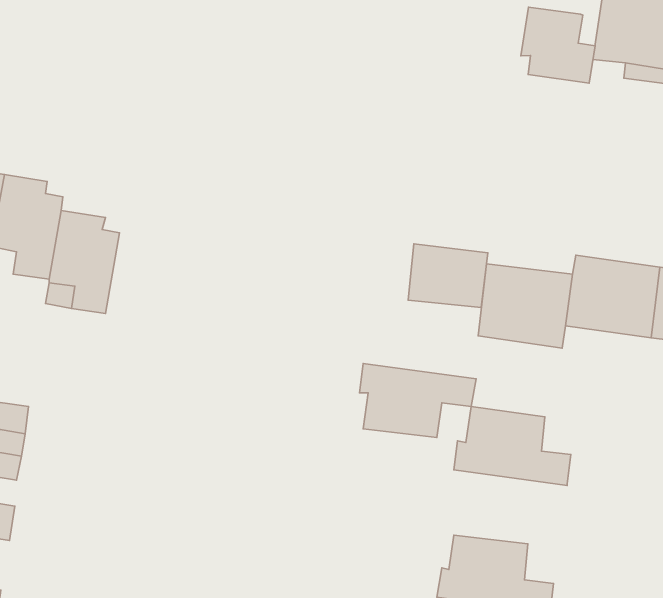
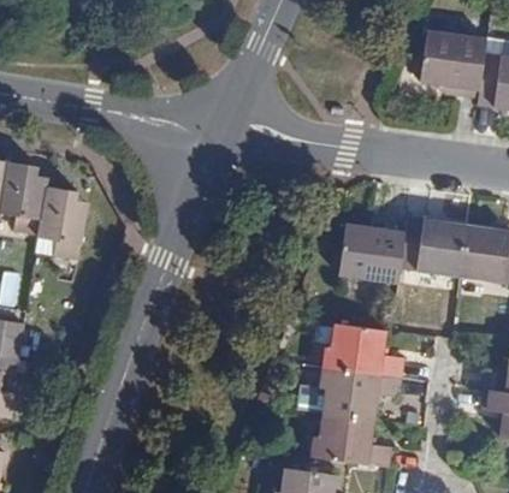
building: [521,7,595,83] -> none
building: [408,244,488,307] -> none
building: [360,363,476,437] -> [320,368,402,420]

